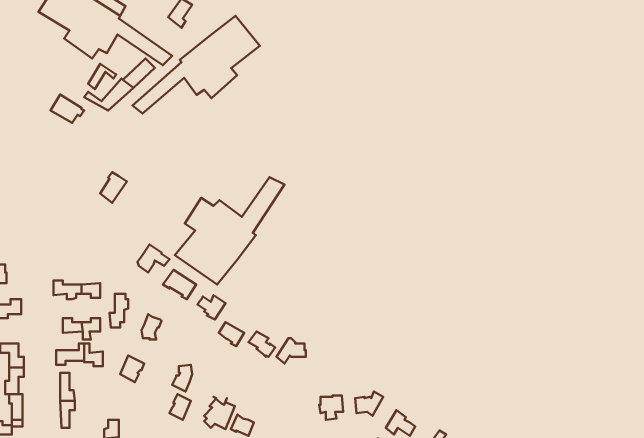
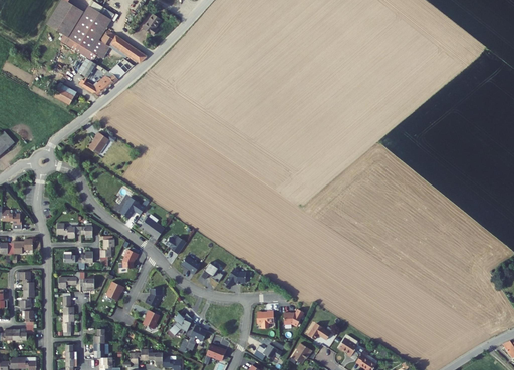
building: [132,16,260,113] -> none
building: [175,177,285,285] -> none

